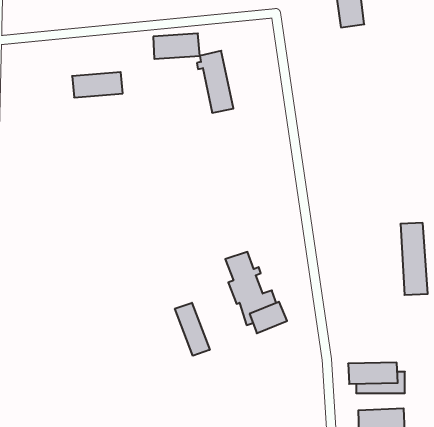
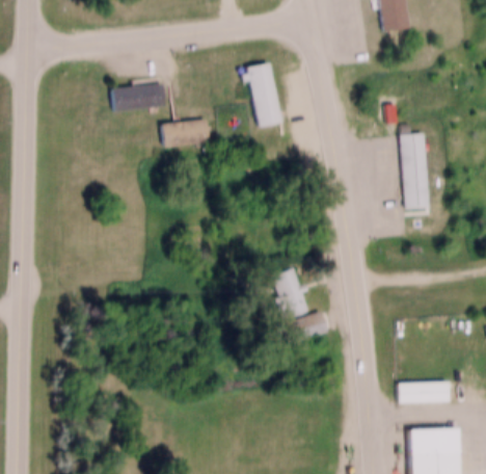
building: [153,33,200,59] -> [164,120,212,146]
building: [400,223,428,295] -> [400,133,428,207]
building: [175,303,210,356] -> none

